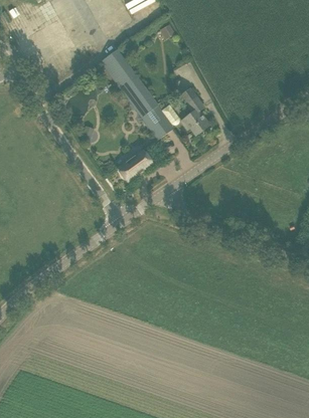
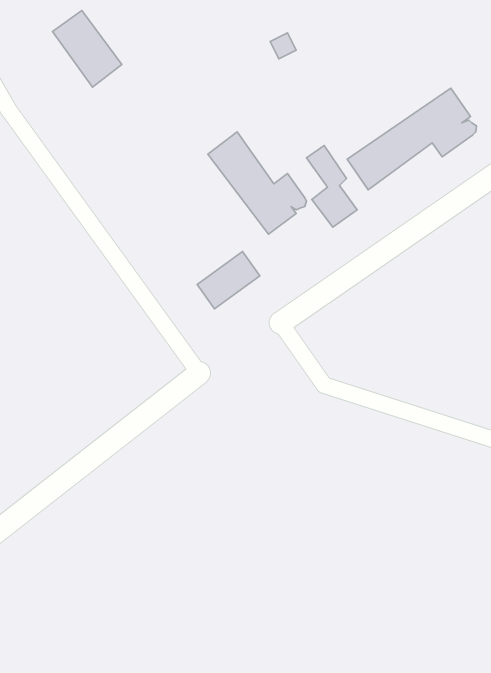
building: [100,48,140,92] -> [52,11,122,87]
building: none -> [347,88,477,190]

